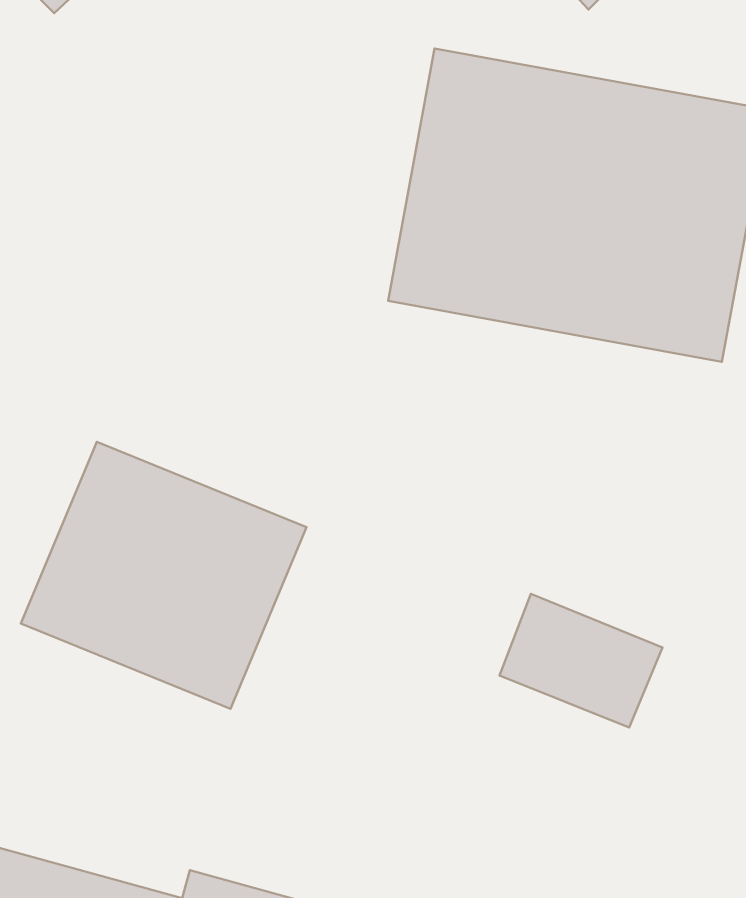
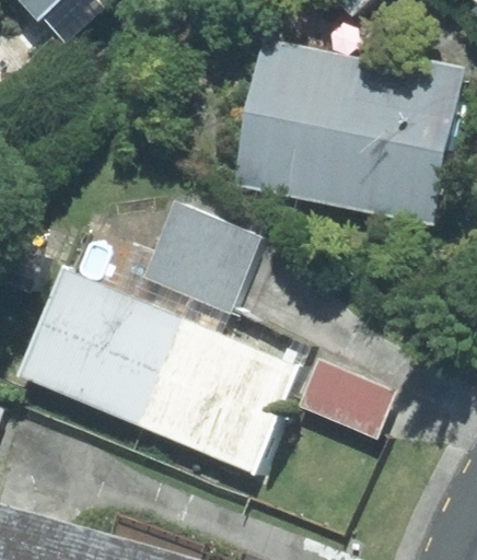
building: none -> [146,202,261,313]
building: none -> [141,319,300,474]

